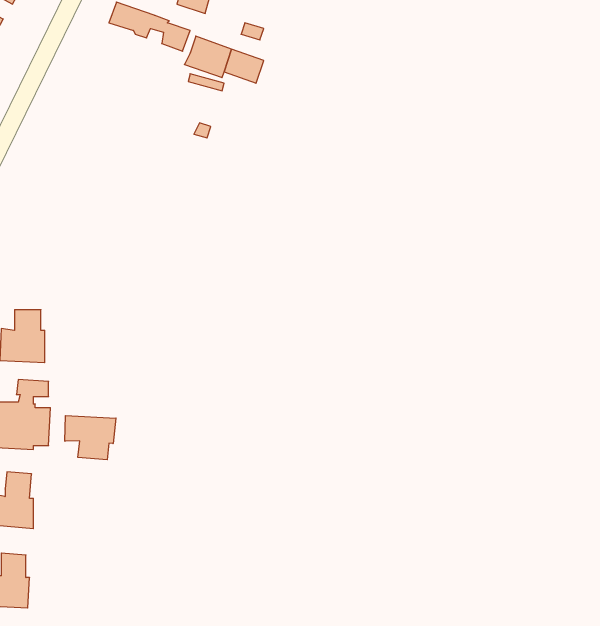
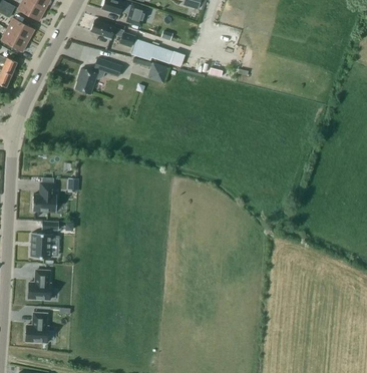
building: none -> [75,58,121,94]
building: [65,416,116,460] -> none

